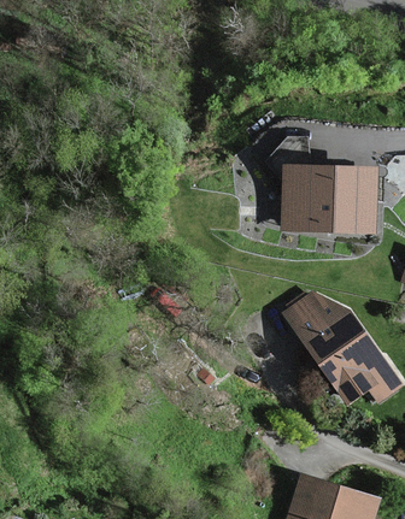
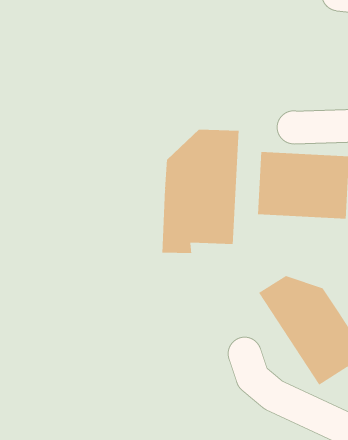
building: none -> [162,129,239,254]

